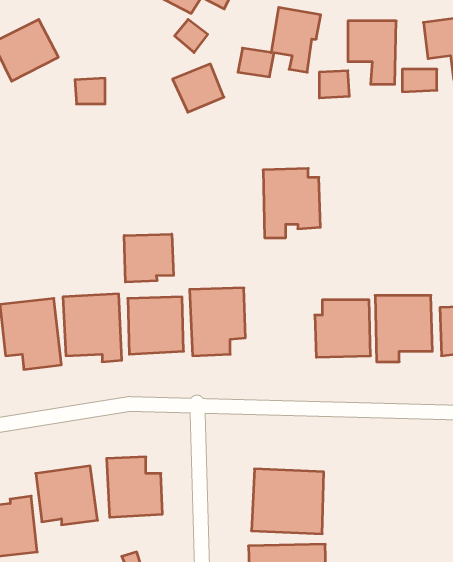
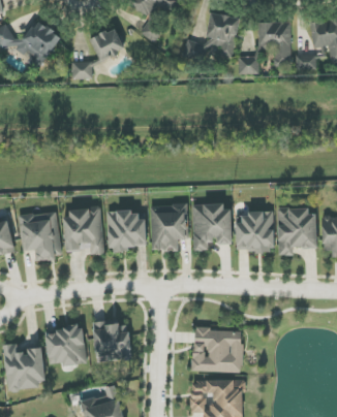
building: [173,64,224,112] -> [90,27,125,60]
building: [263,168,320,238] -> [192,202,232,250]
building: [124,234,174,282] -> none

